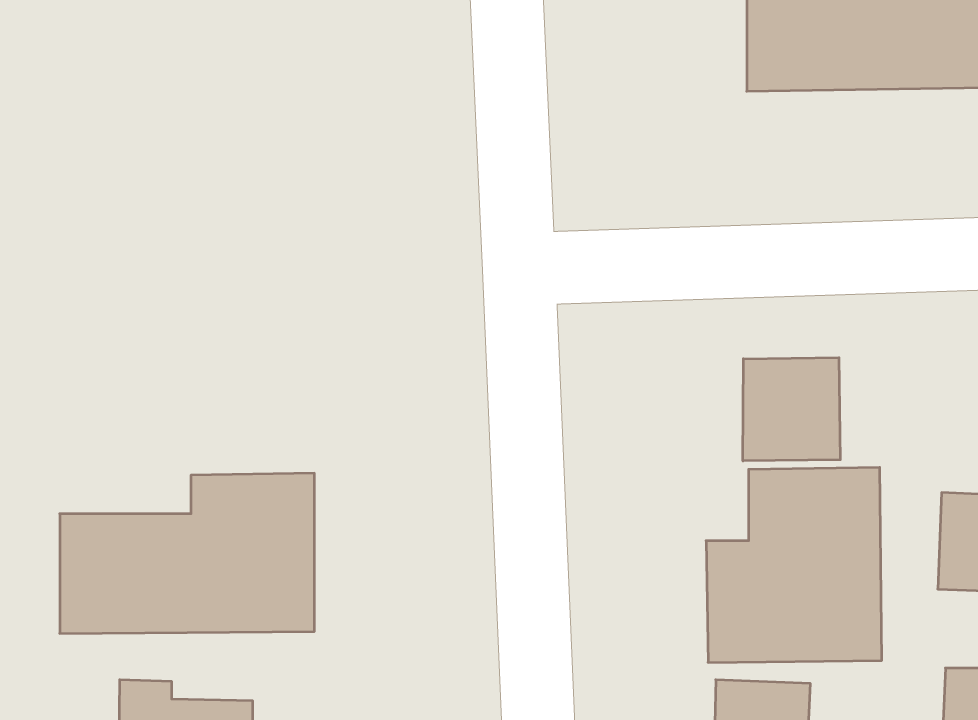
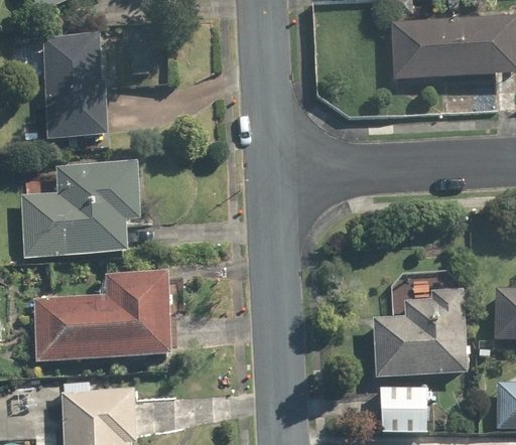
building: none -> [44,37,108,146]
building: none -> [23,163,136,256]
building: [743,358,840,461] -> none

